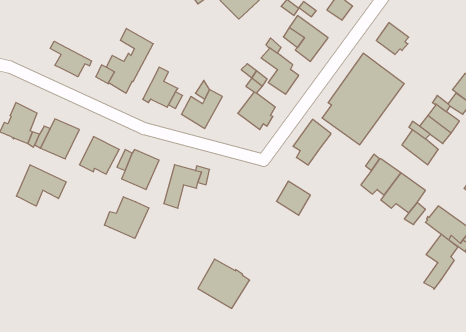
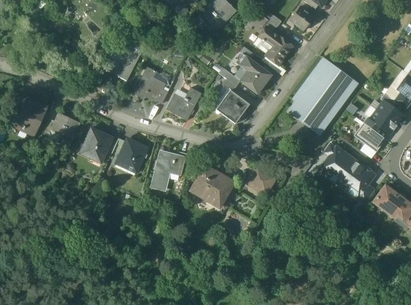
building: [376,23,409,55] -> none
building: [50,41,92,77] -> none
building: [293,119,331,165] -> none
building: [16,165,66,206] -> none
building: [104,197,149,238] -> none
building: [424,234,458,289] -> none
building: [198,259,250,308] -> [191,165,235,207]

